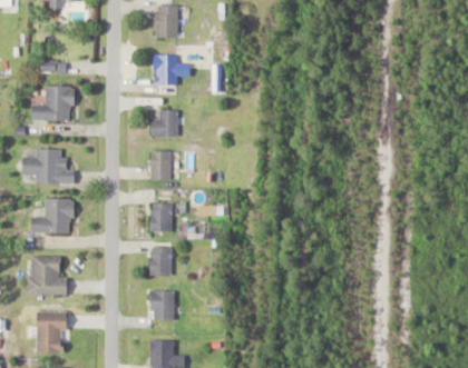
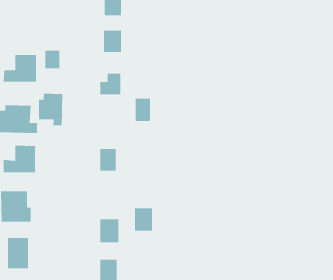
building: none -> [45,50,60,69]
building: none -> [38,93,63,126]
building: [149,151,169,180] -> [135,98,151,121]
building: [148,247,172,276] -> [134,208,153,231]

